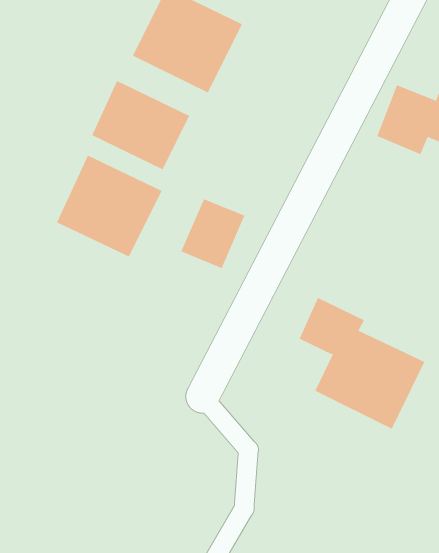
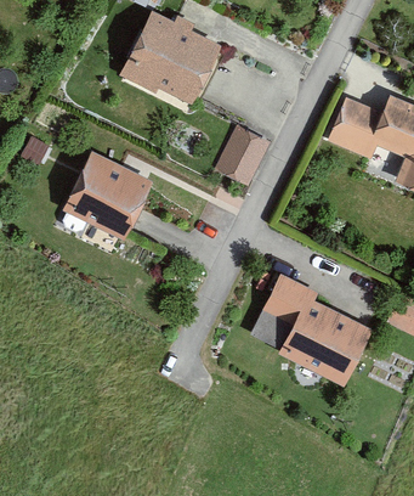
building: [92,80,190,170] -> none
building: [181,198,245,269] -> [216,126,271,186]

